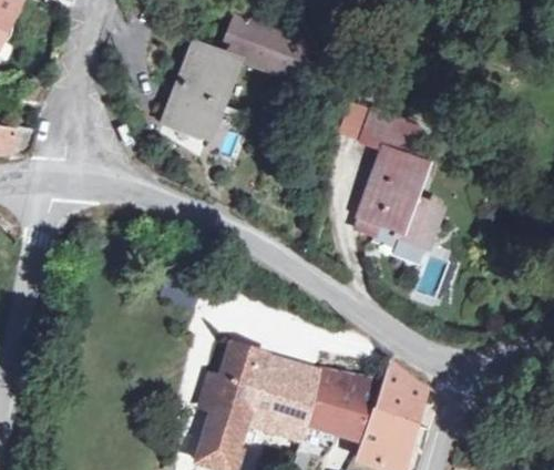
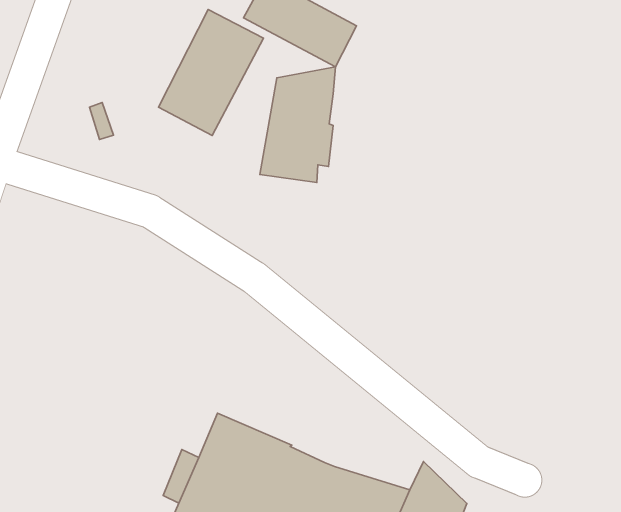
building: none -> [260,67,335,183]
building: [359,111,441,248] -> none

